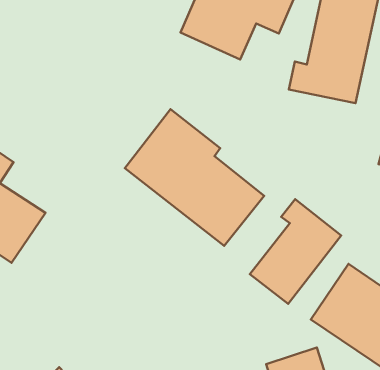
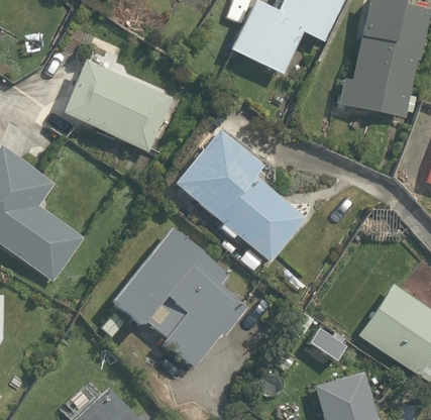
building: none -> [61,58,175,153]
building: [250,199,341,304] -> none
building: none -> [108,226,257,375]

